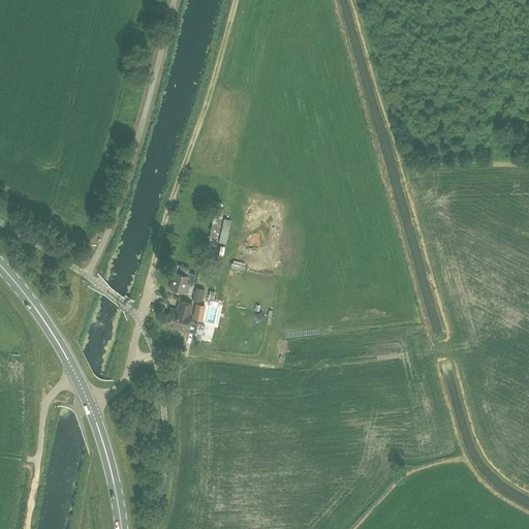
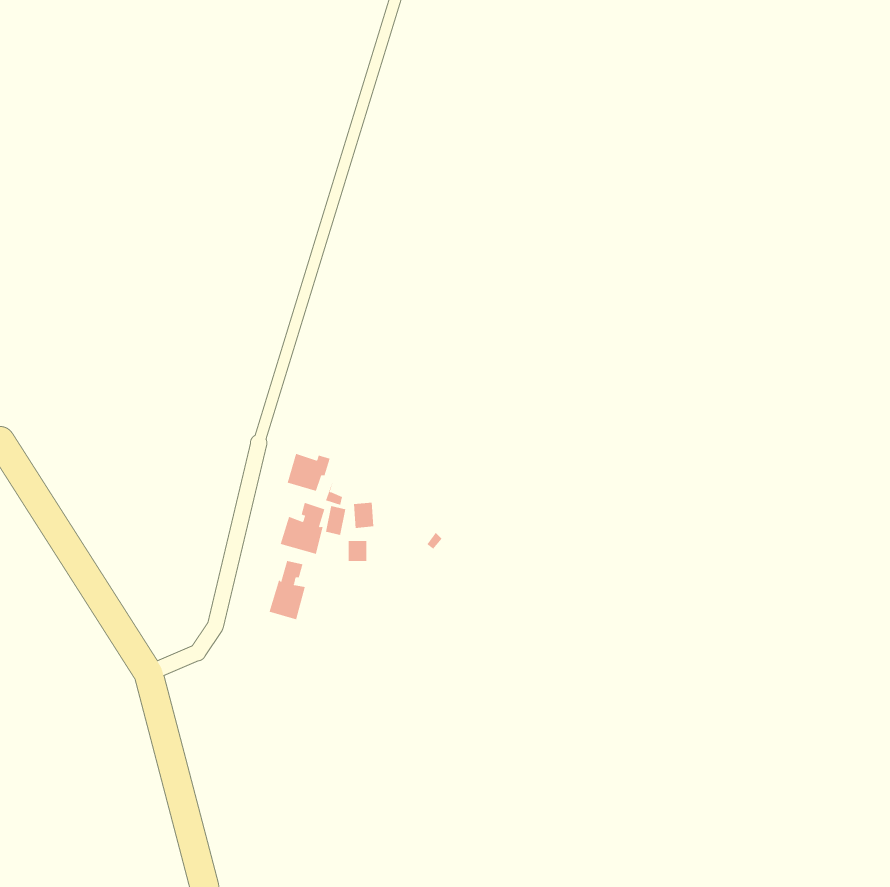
building: none -> [269,560,306,620]

